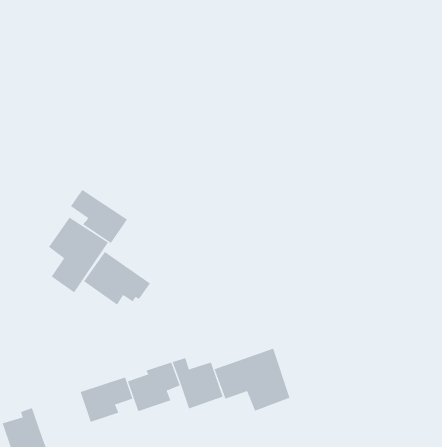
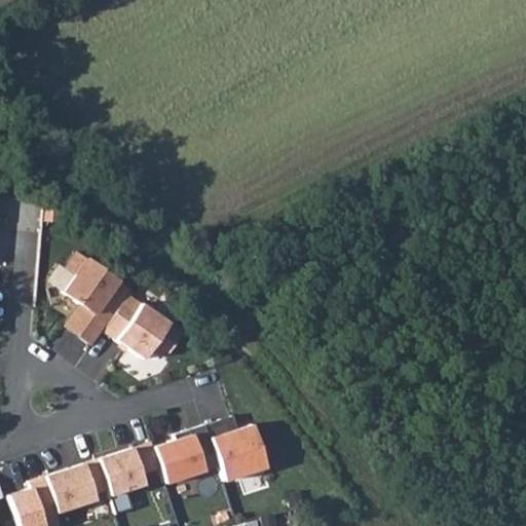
building: [70,189,128,244] -> none
building: [214,348,290,412] -> none
building: none -> [45,465,97,514]

